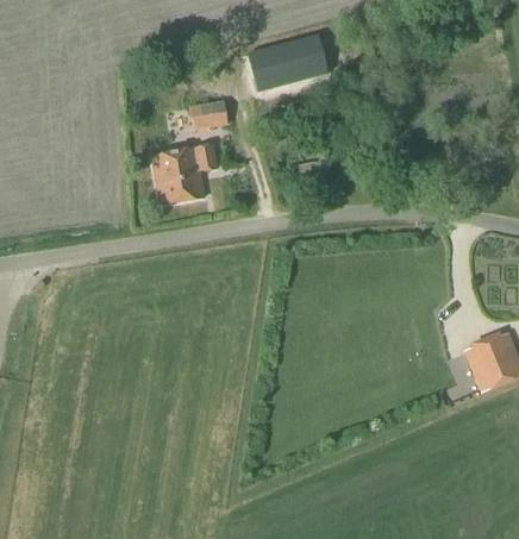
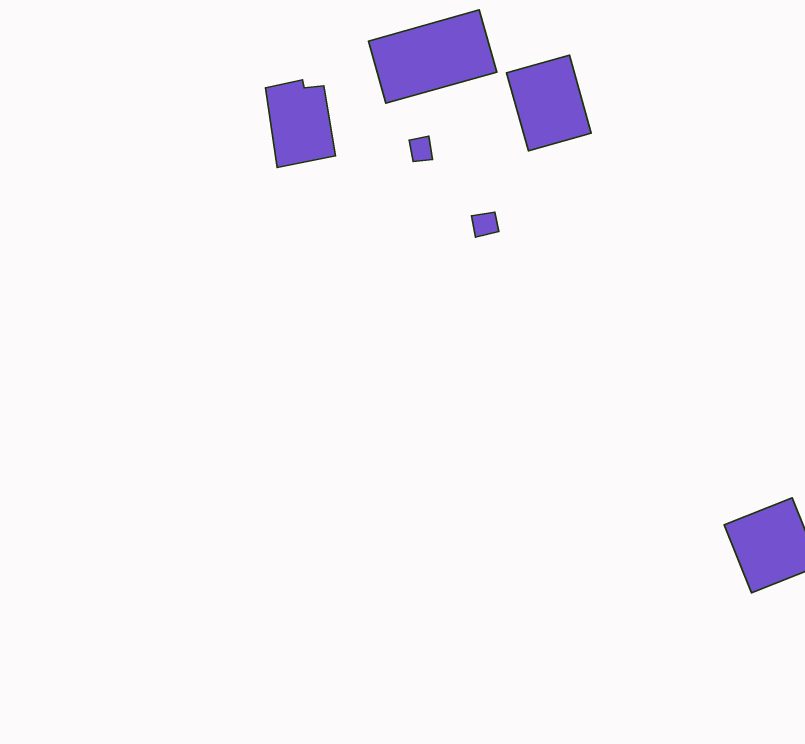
building: none -> [506,55,591,151]
building: [152,144,219,201] -> none

